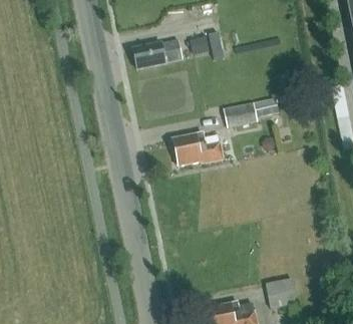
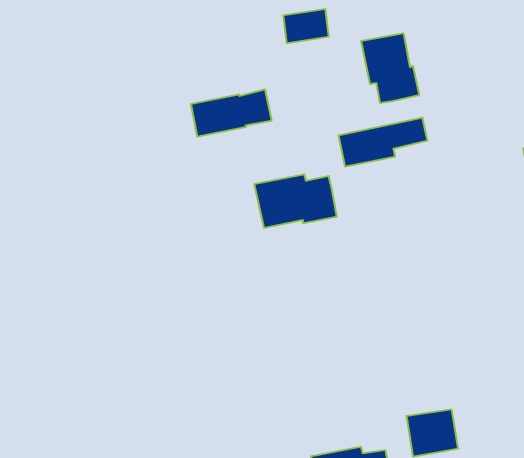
building: [134,39,185,68] -> [191,90,272,137]
building: none -> [361,33,419,103]

